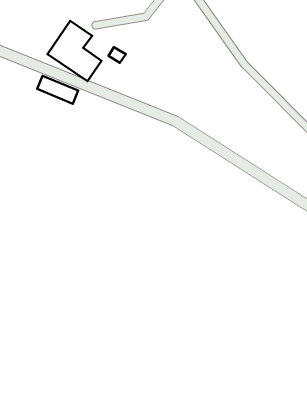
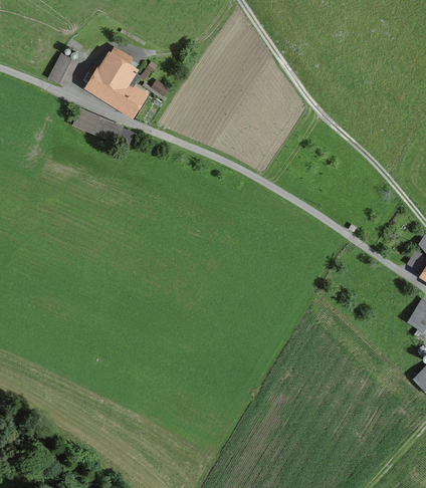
building: none -> [50,53,76,83]

